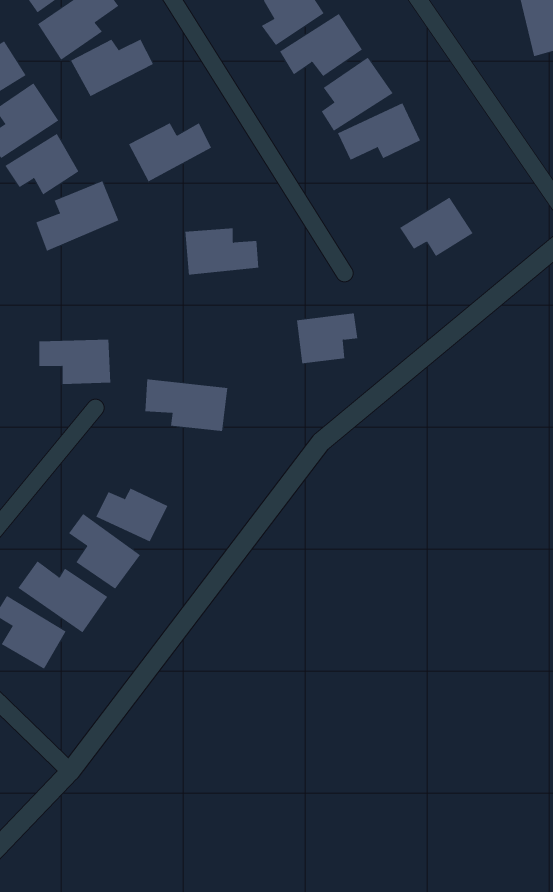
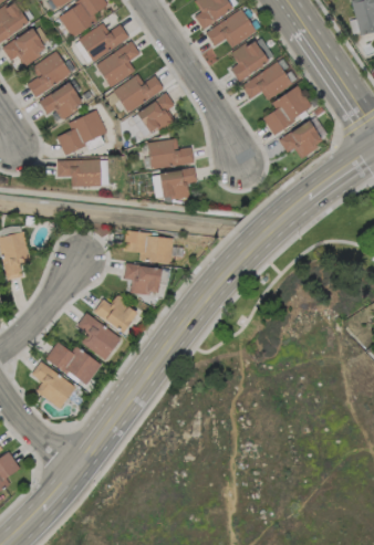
building: none -> [95,41,139,87]
building: none -> [262,86,311,133]
building: none -> [136,94,174,134]
building: [296,313,358,364] -> [158,168,196,199]
building: [38,339,111,385] -> [56,159,101,187]
building: none -> [123,264,160,295]

